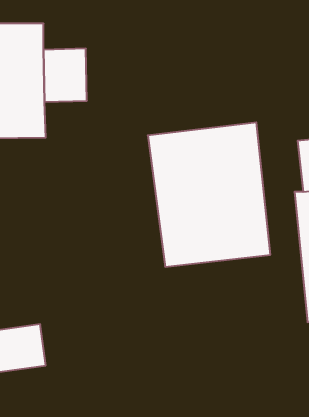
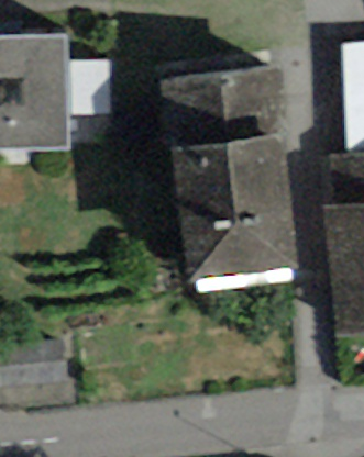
building: none -> [159,65,282,147]

